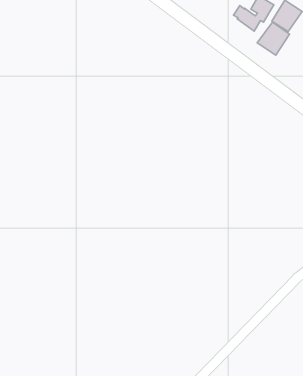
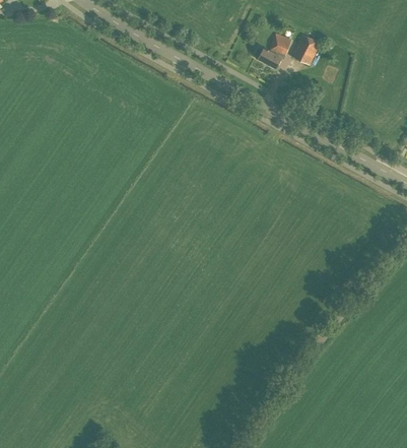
building: [257,22,289,55] -> none

